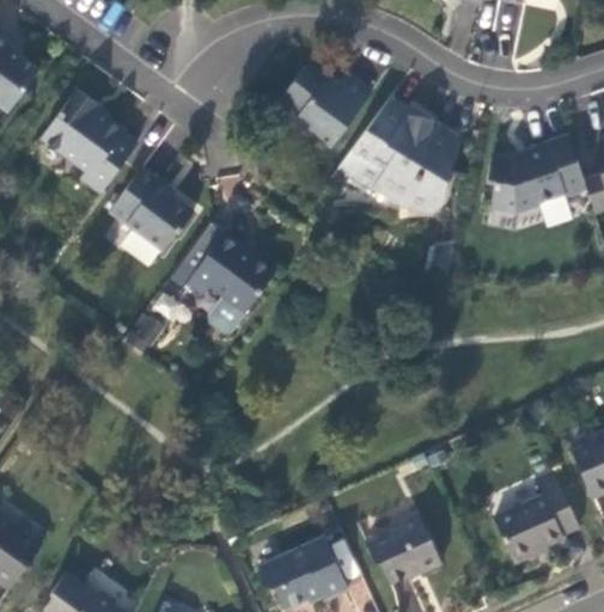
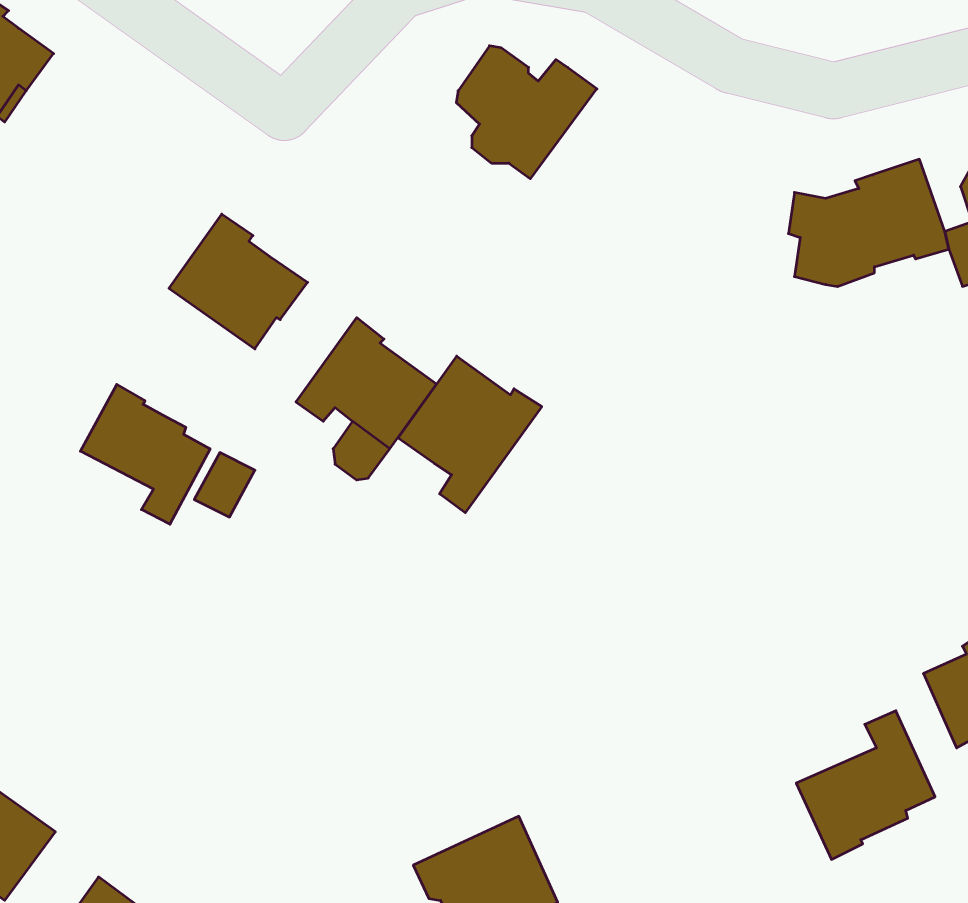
building: [41,91,134,192] -> none
building: [338,97,458,210] -> none
building: none -> [398,356,542,513]
building: none -> [80,384,210,524]
building: [366,512,440,583] -> none

